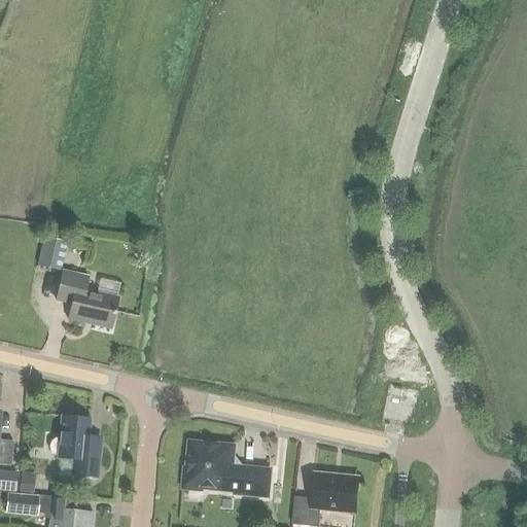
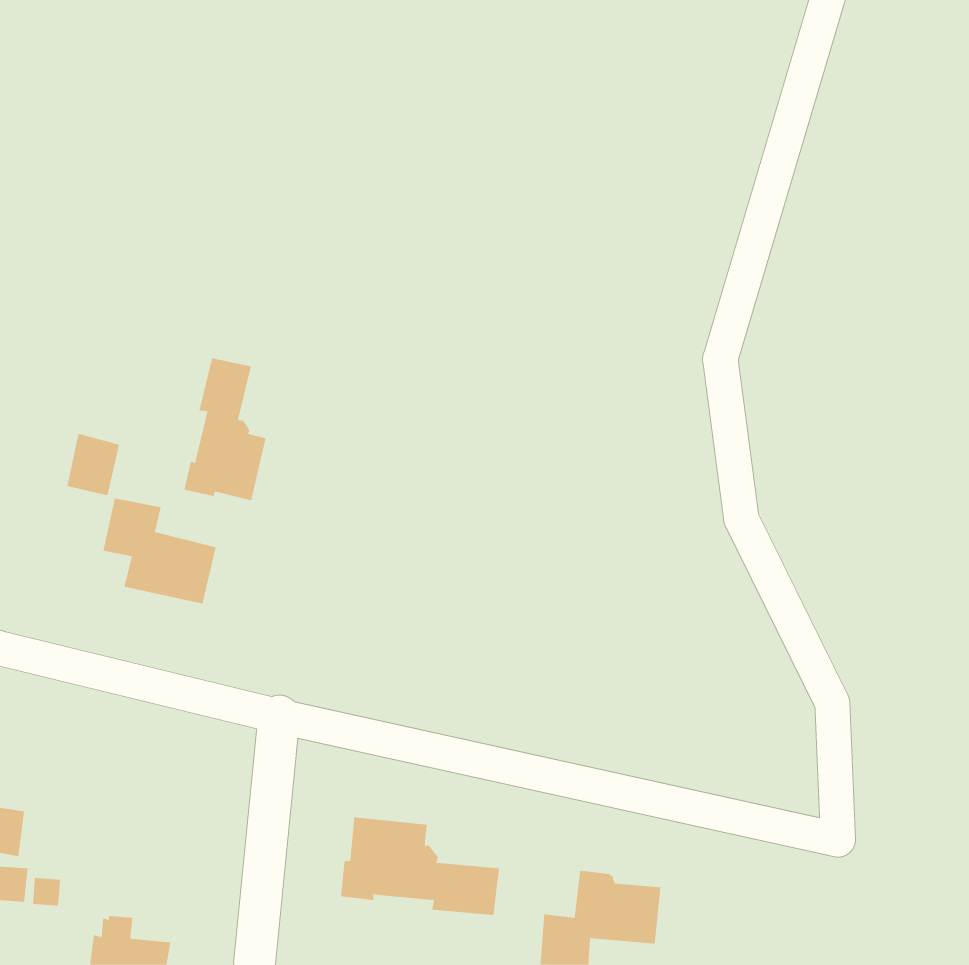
building: none -> [184,357,266,501]
building: [48,415,100,477] -> none
building: [4,491,38,515] -> none

